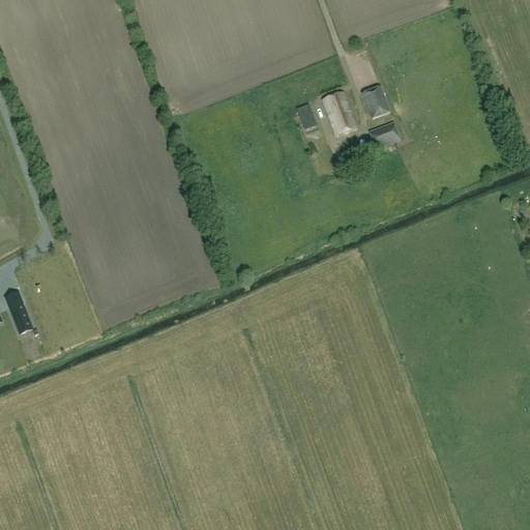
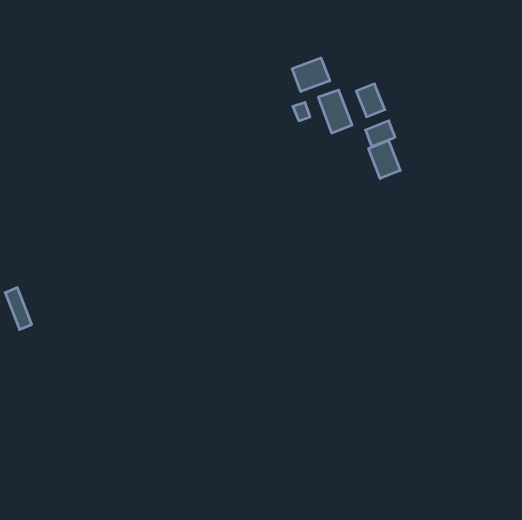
building: none -> [292,58,330,92]
building: none -> [369,140,400,179]

